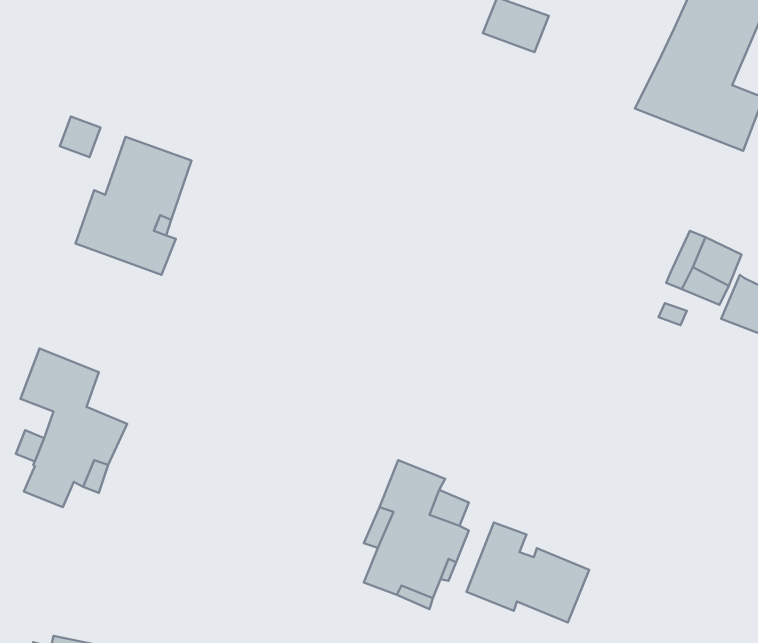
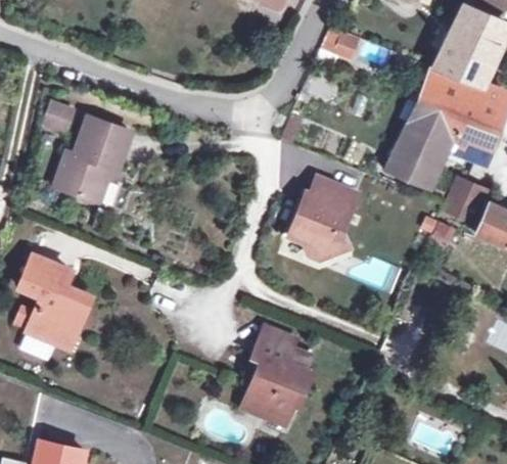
building: none -> [387,97,491,184]
building: none -> [288,178,356,260]
building: [467,522,589,622] -> none

